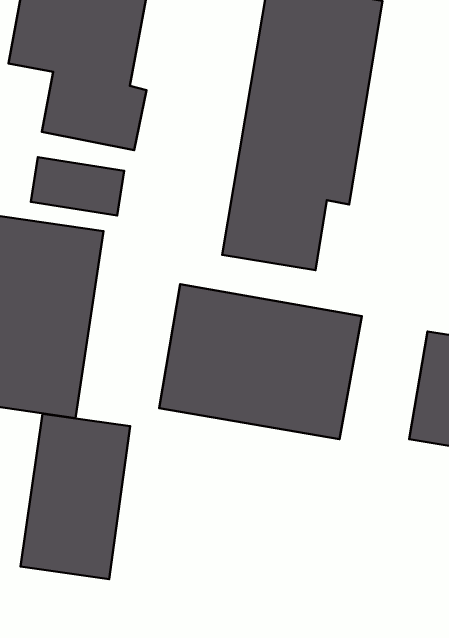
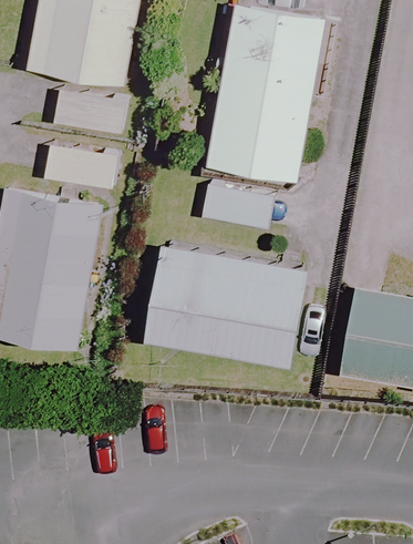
building: [21,414,130,579] -> none

